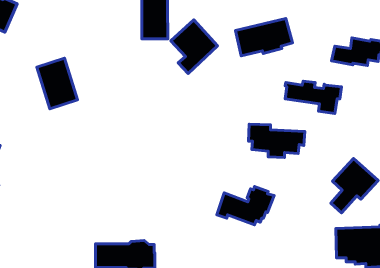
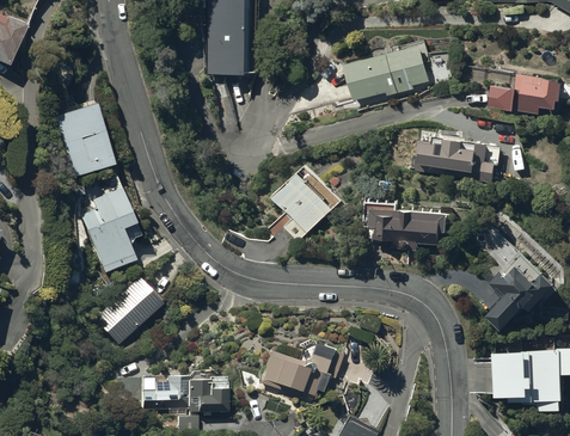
building: [171,20,217,73] -> [274,164,342,242]
building: none -> [80,189,136,272]
building: none -> [94,278,163,345]
building: [217,186,274,225] -> [259,342,343,398]

